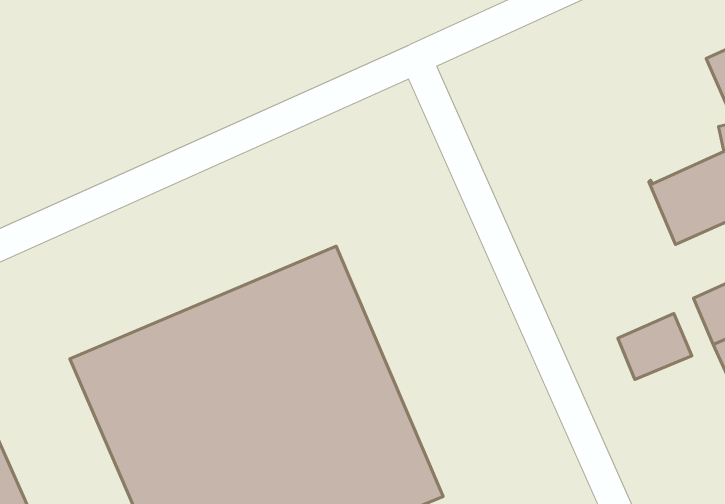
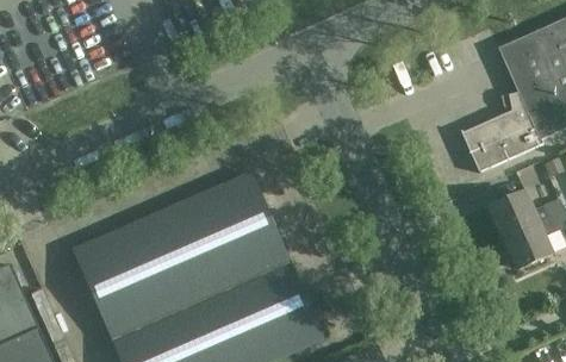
building: [618,314,692,380] -> none

